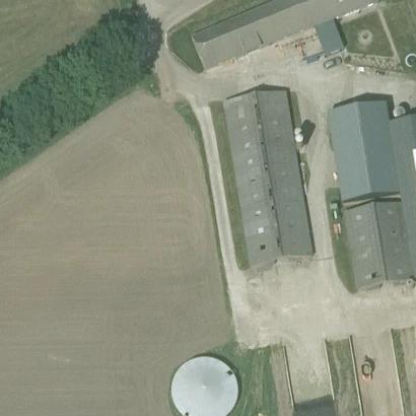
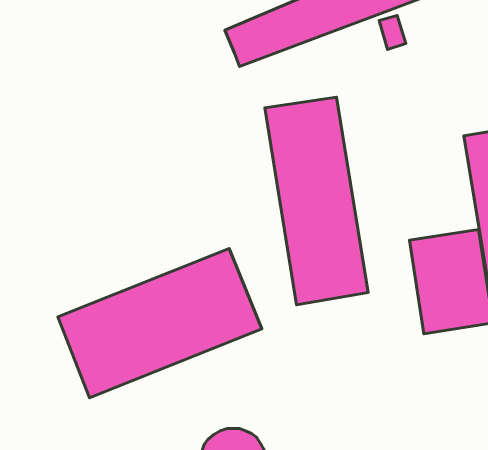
building: [329,101,400,201] -> none
building: none -> [58,249,262,398]

